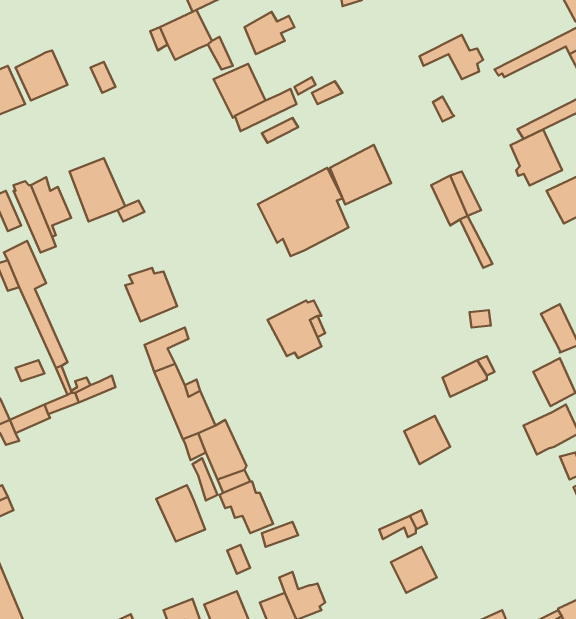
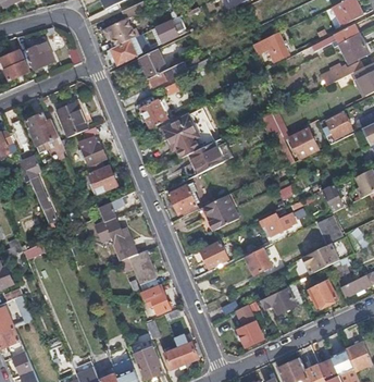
building: none -> [105,39,136,65]
building: [510,130,562,185] -> [288,126,317,158]
building: [330,145,391,204] -> [188,140,223,174]
building: none -> [138,99,167,127]
building: none -> [77,140,105,168]
building: none -> [203,194,238,230]
building: none -> [192,241,227,268]
building: none -> [308,280,336,307]
building: none -> [260,282,303,315]
building: [156,485,205,541] -> none

